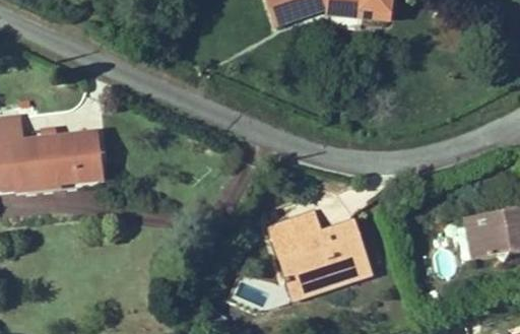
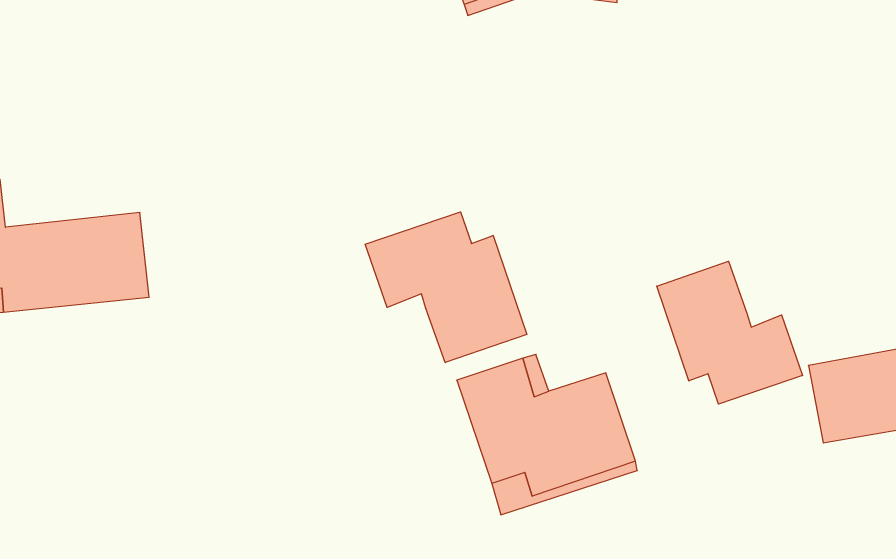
building: none -> [365,212,527,363]
building: none -> [657,261,803,404]

